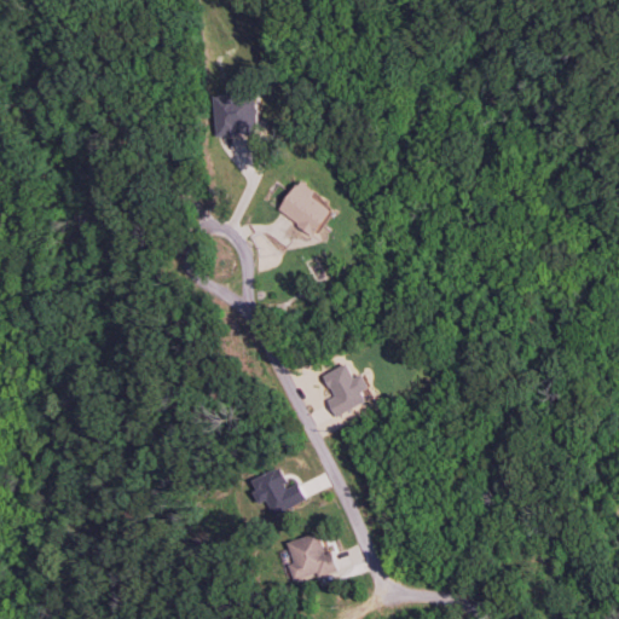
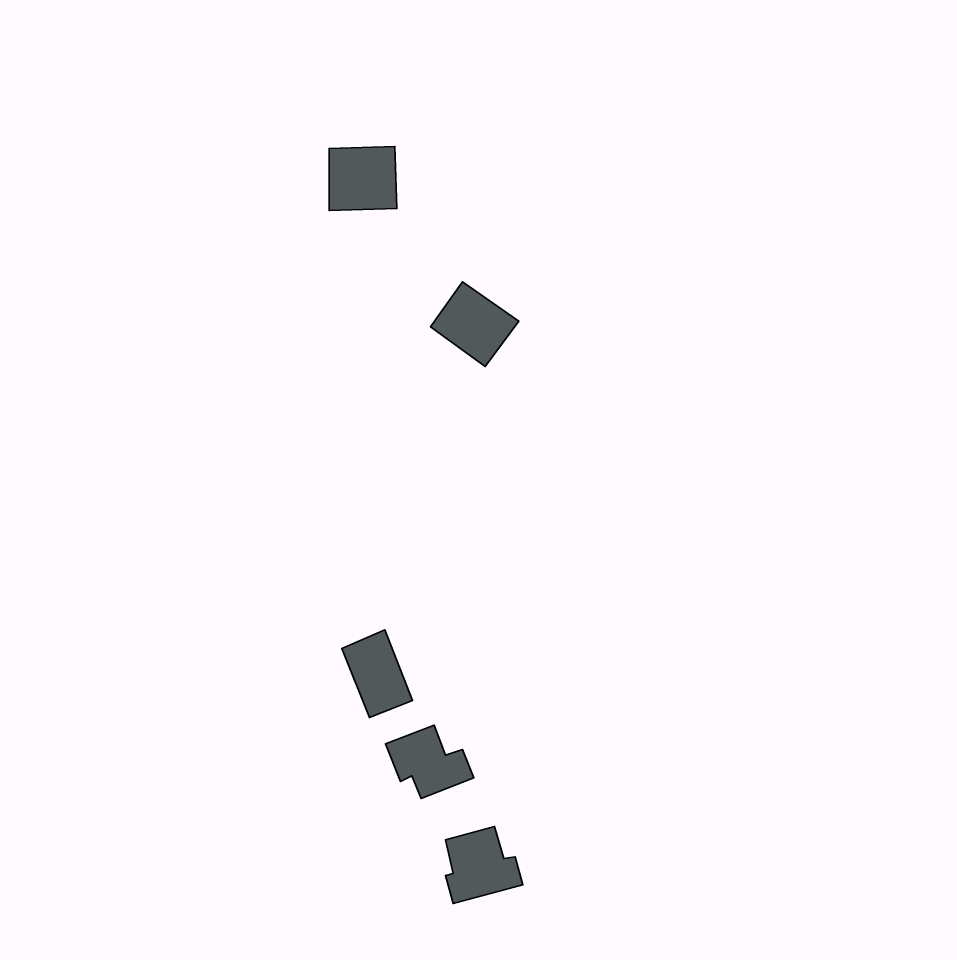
building: [322,363,369,416] -> none
building: none -> [342,630,412,717]

